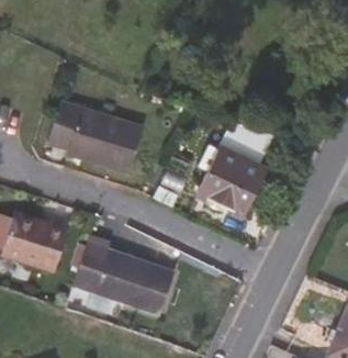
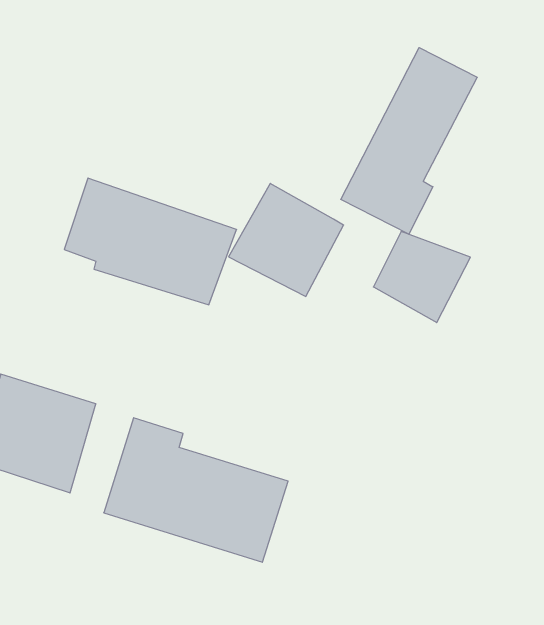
building: none -> [341,48,477,234]
building: [200,164,263,226] -> [229,183,344,296]

